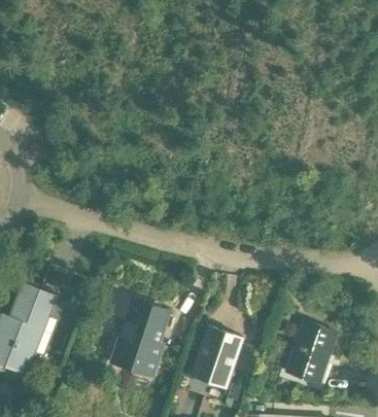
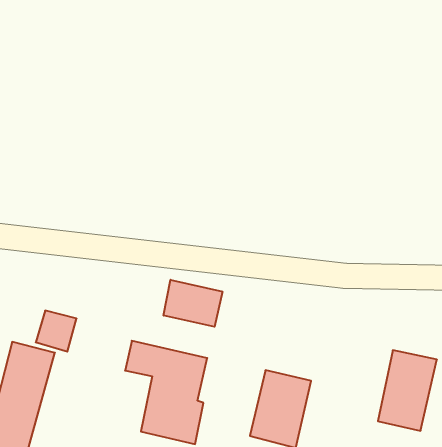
building: none -> [164,280,222,327]

